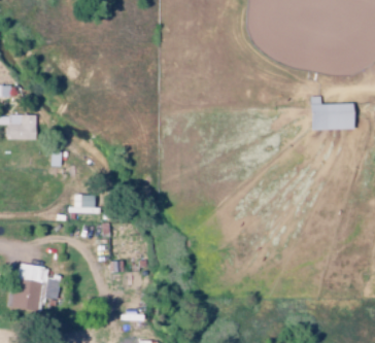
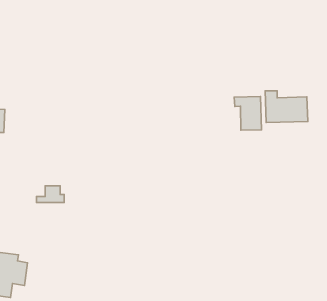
building: none -> [234,97,261,130]

